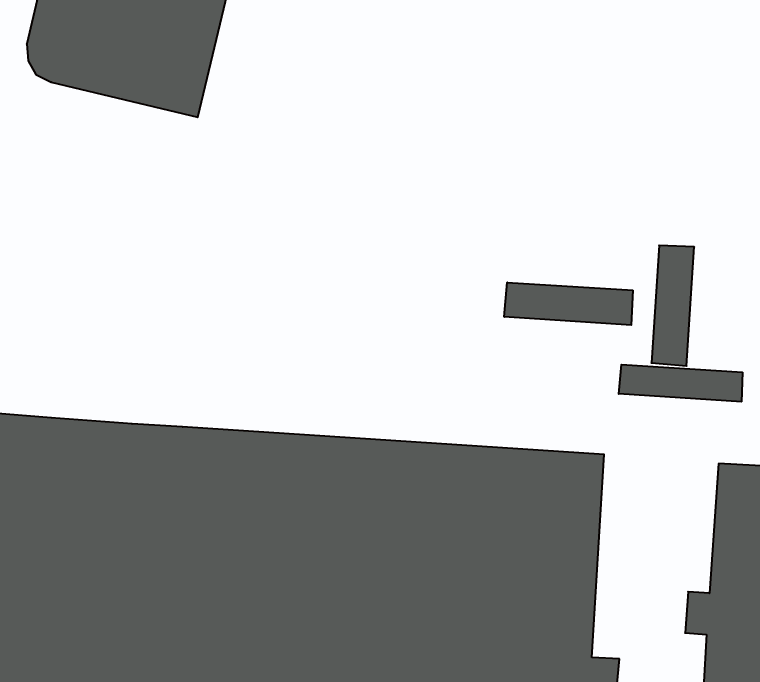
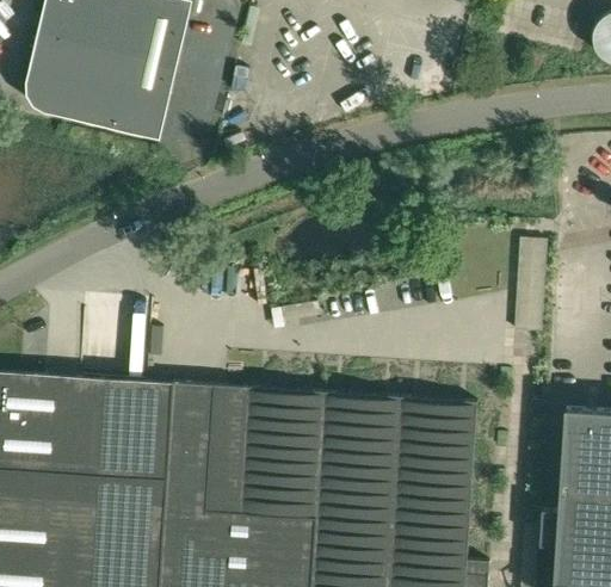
building: [504,282,633,325] -> none
building: [619,365,742,402] -> none

